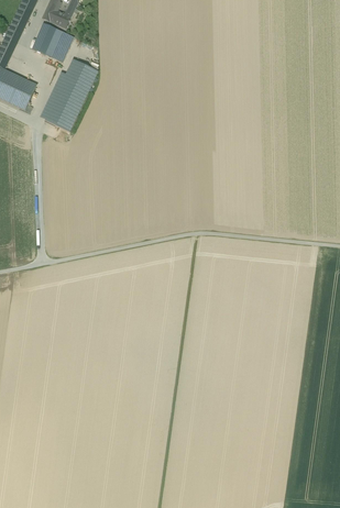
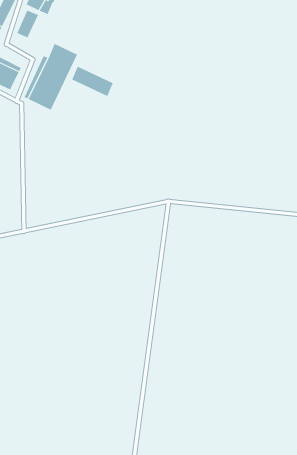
building: [44,27,74,62] -> none
building: none -> [71,66,114,97]

